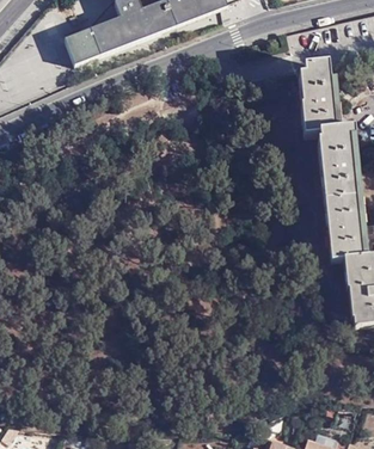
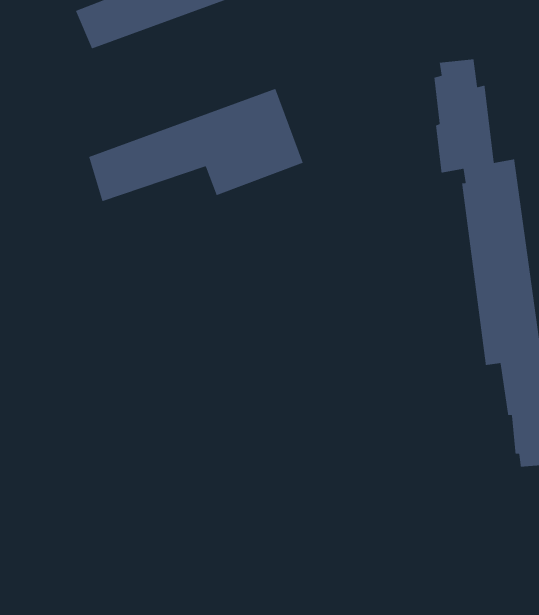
building: none -> [88,88,304,202]

